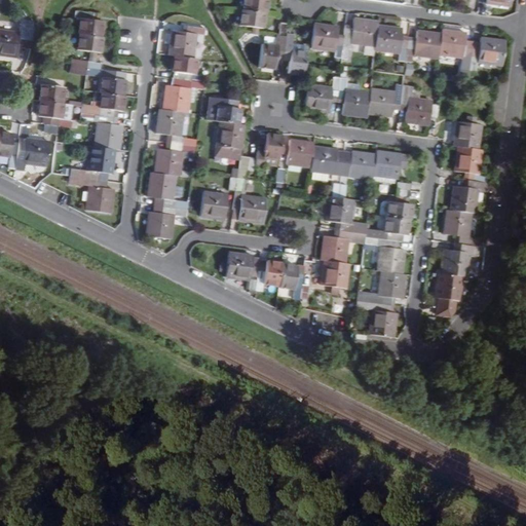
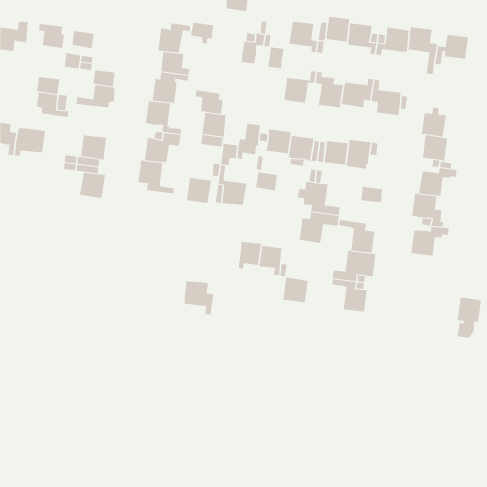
building: [74,9,103,36] -> [38,24,65,48]
building: [238,9,264,33] -> [190,22,214,44]
building: [80,112,122,149] -> none
building: none -> [256,172,277,191]
building: [146,205,187,238] -> none
building: [365,216,408,240] -> none
building: [226,252,259,289] -> [184,281,214,315]
building: [323,259,350,287] -> [283,277,308,303]
building: [436,272,462,316] -> [457,297,482,338]

